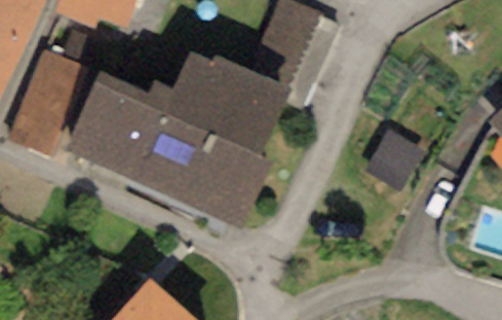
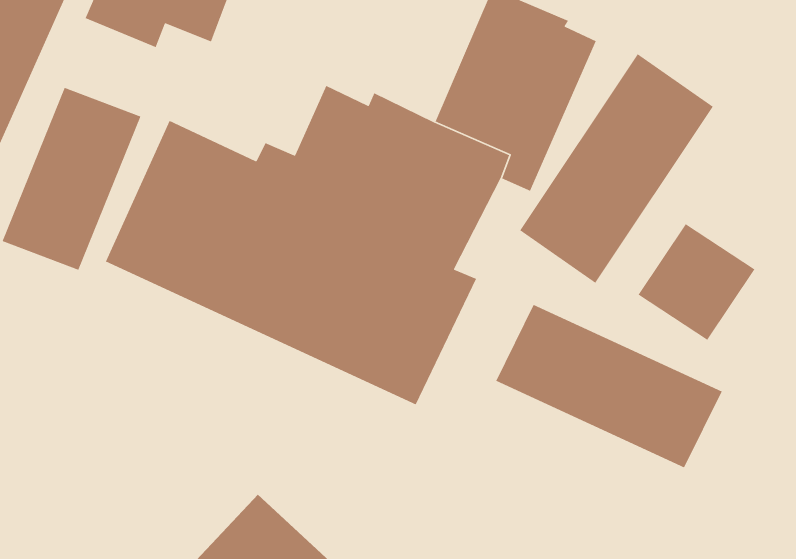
building: none -> [519,53,714,284]
building: none -> [495,304,723,469]

